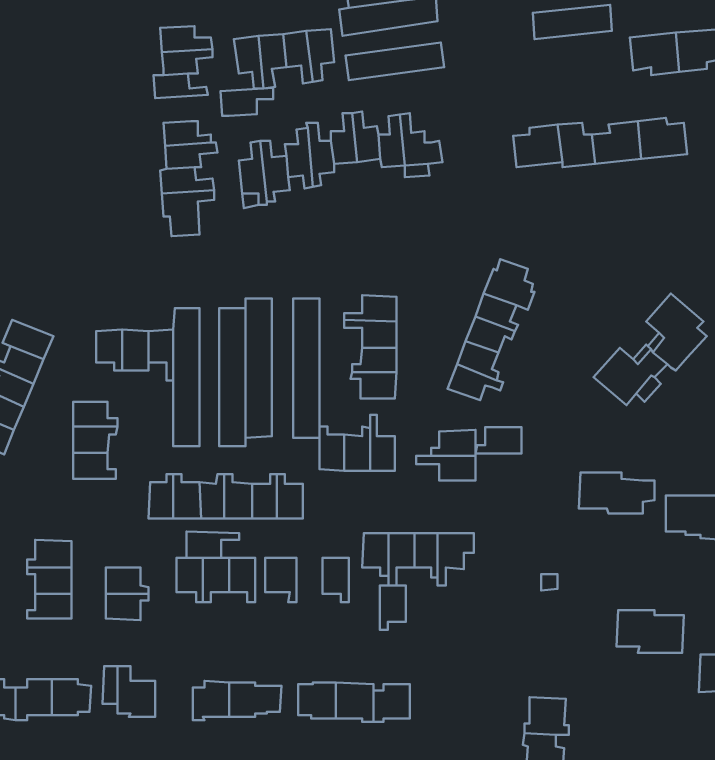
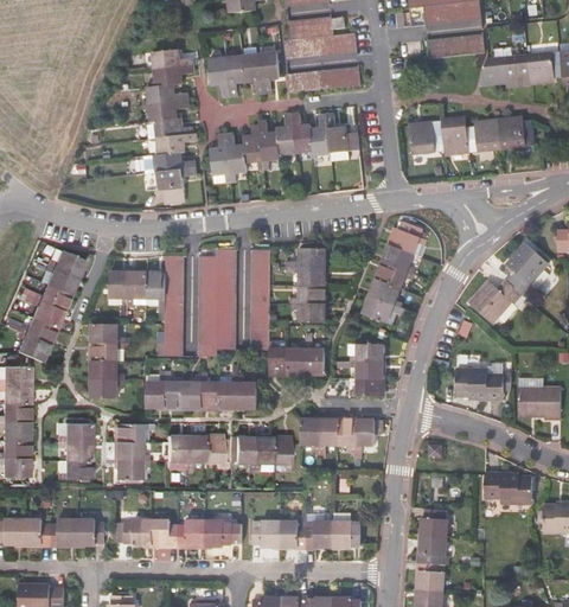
building: [221,88,273,116] -> [151,100,188,120]
building: none -> [47,245,84,274]
building: [475,427,521,453] -> [349,378,382,397]
building: none -> [91,377,122,396]
building: [187,531,239,558] -> [115,422,153,441]
building: [380,586,406,630] -> [252,434,271,466]
building: none -> [421,506,448,536]
building: none -> [334,518,362,550]
building: none -> [151,523,178,551]

